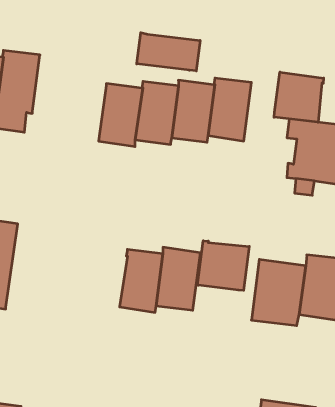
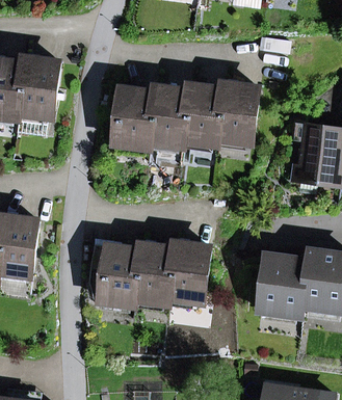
building: [137,33,200,71] -> none
building: [274,72,324,122] -> none
building: [198,241,249,290] -> none
building: none -> [86,243,140,304]

